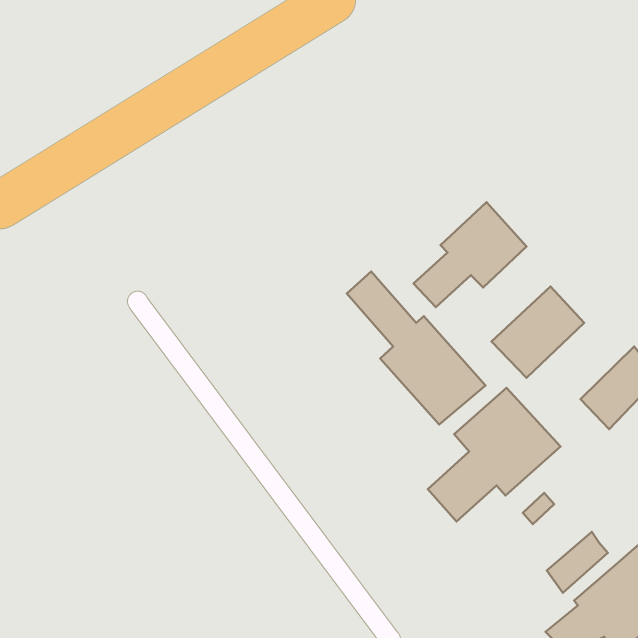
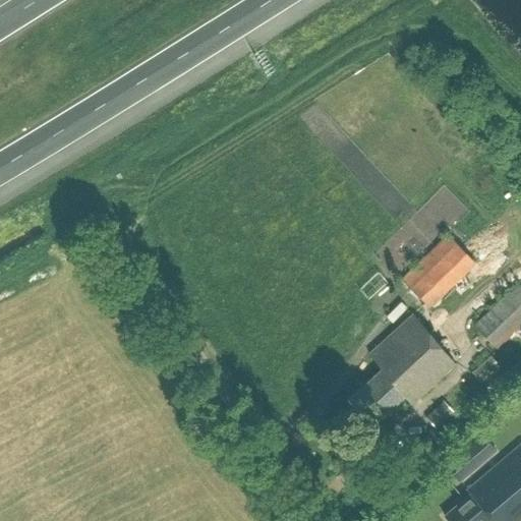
building: [414,202,527,307] -> none
building: [347,271,485,425] -> none

